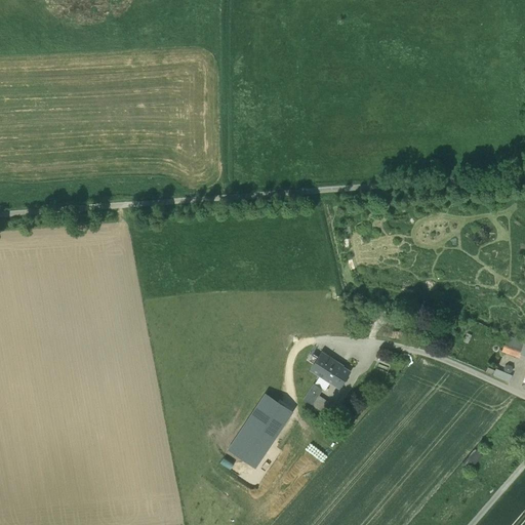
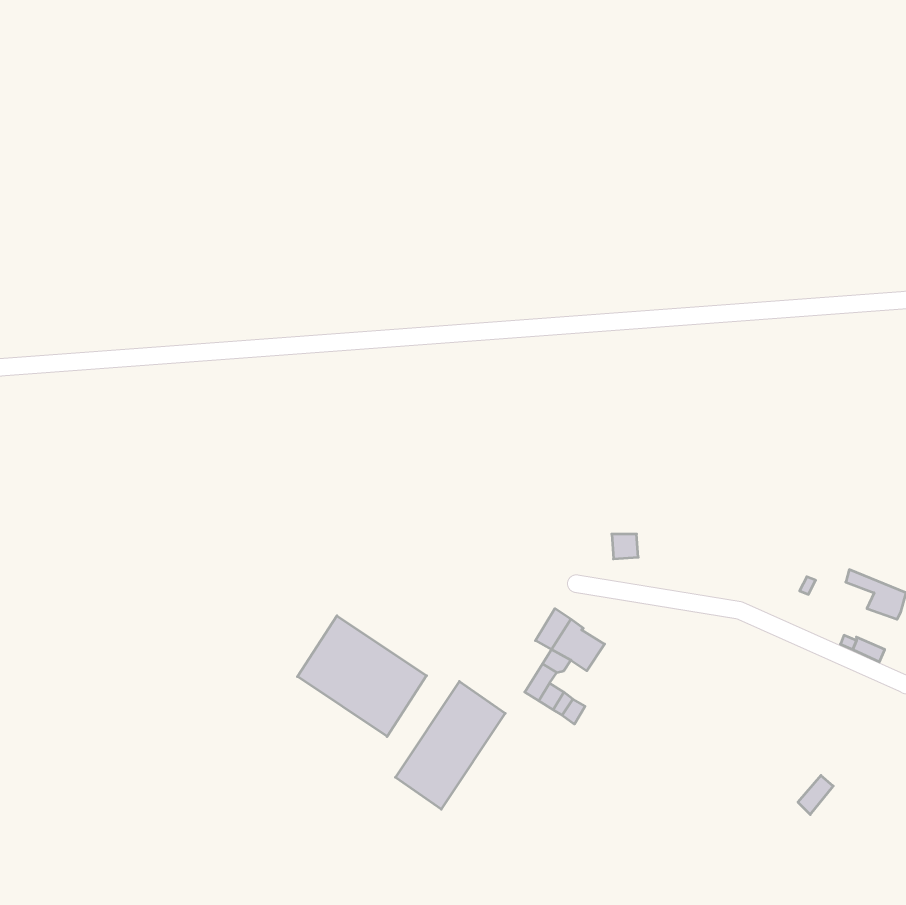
building: none -> [297,616,427,737]

